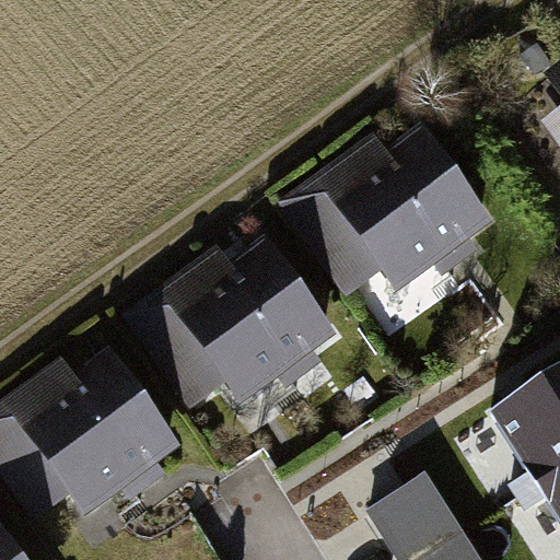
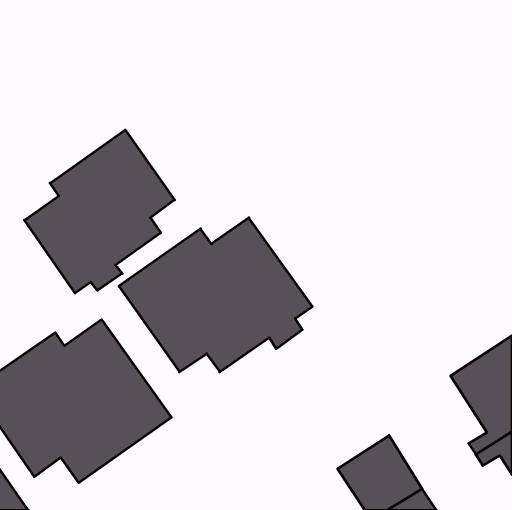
building: [288,122,502,300] -> none
building: none -> [24,130,175,293]

